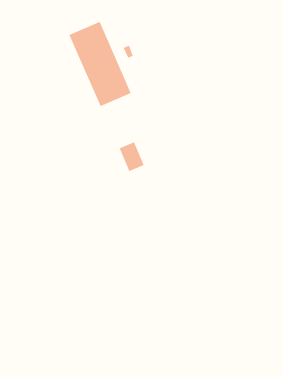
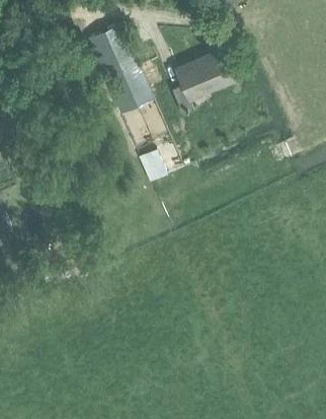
building: none -> [169,50,231,115]

